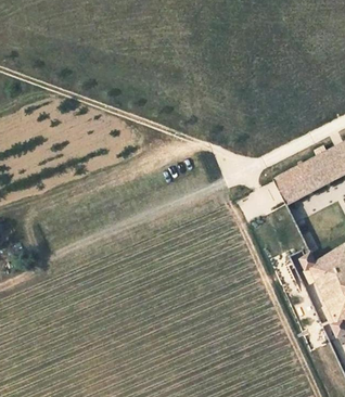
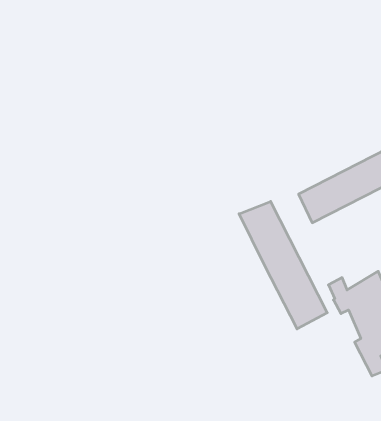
building: none -> [239,201,327,329]

